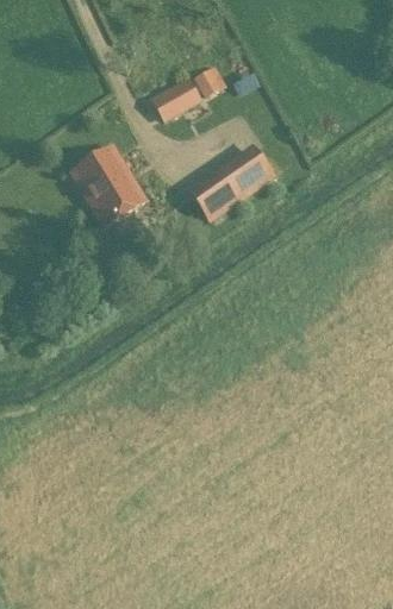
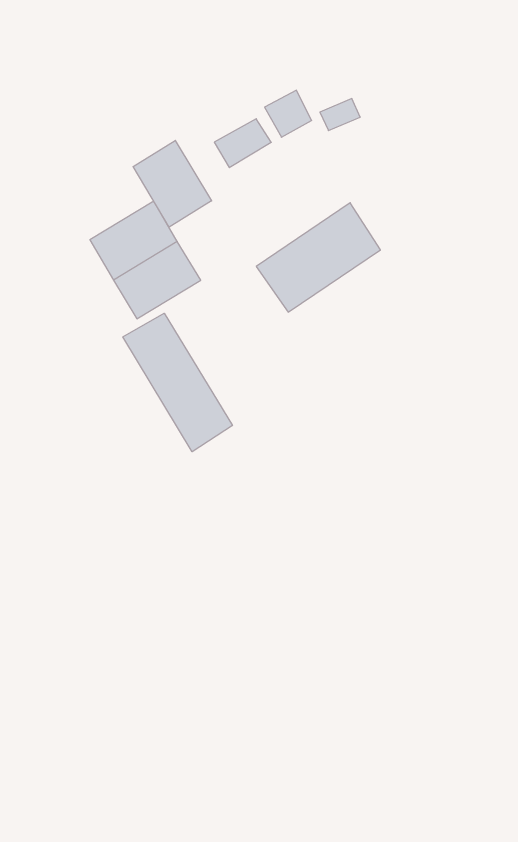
building: none -> [133,140,212,227]
building: none -> [123,313,232,452]

